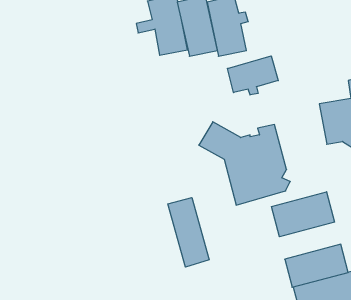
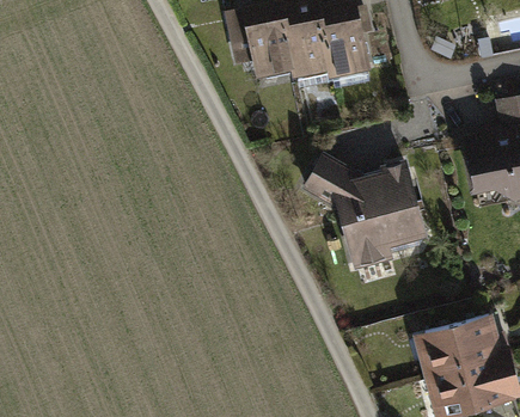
building: [227,56,278,95] -> none
building: [272,192,335,237] -> none
building: [168,198,209,267] -> none

